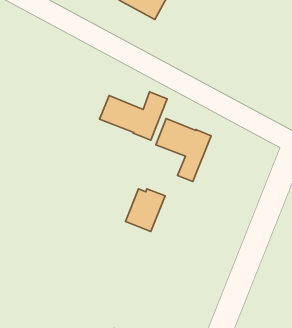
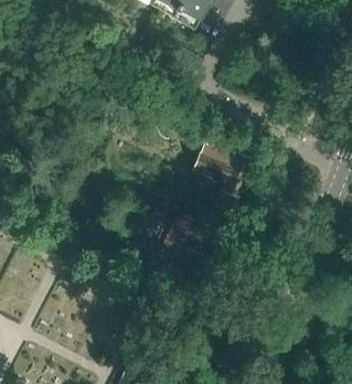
building: [99,92,167,140] -> none

